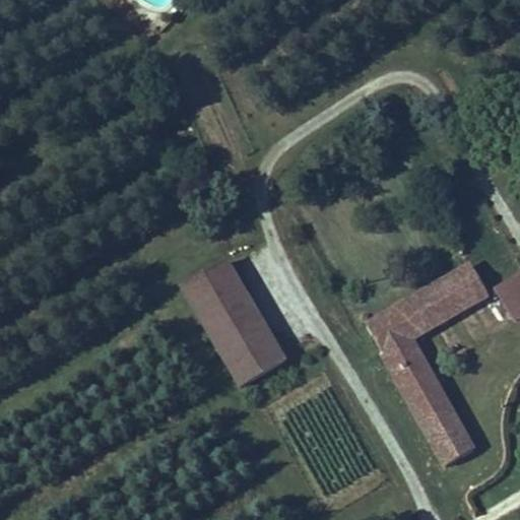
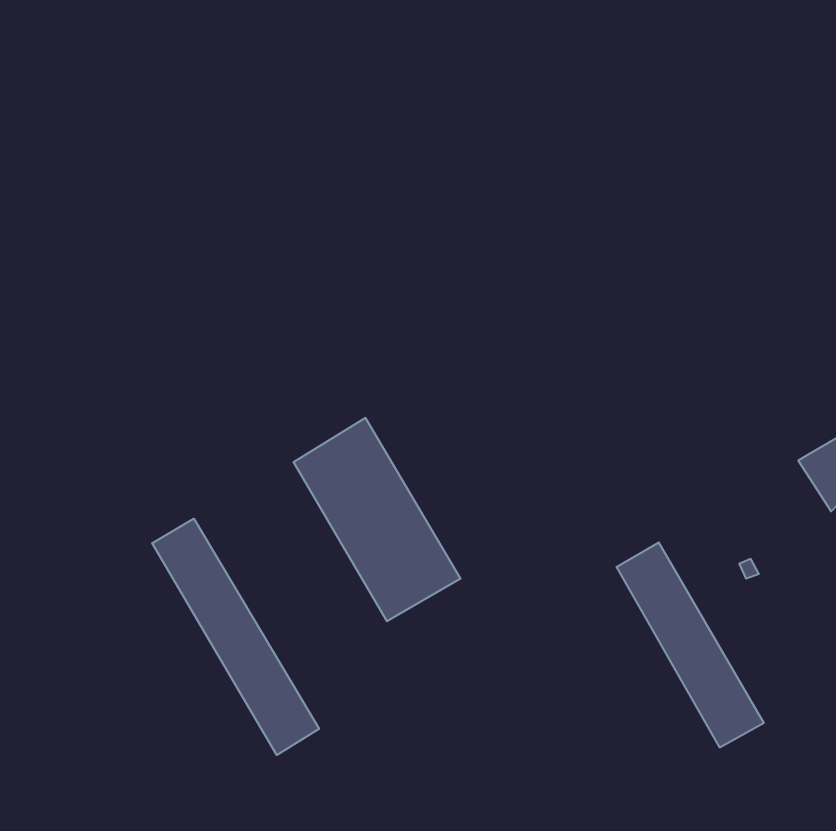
building: [368,263,488,351] -> none
building: none -> [152,519,319,755]

